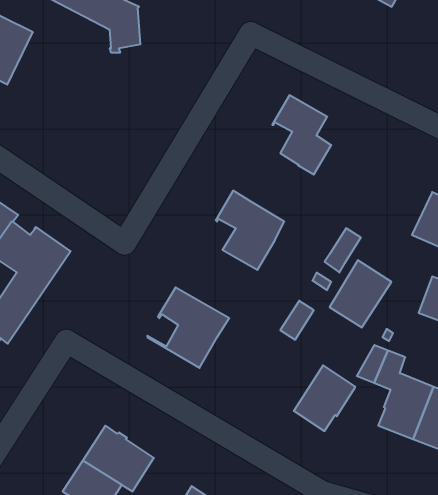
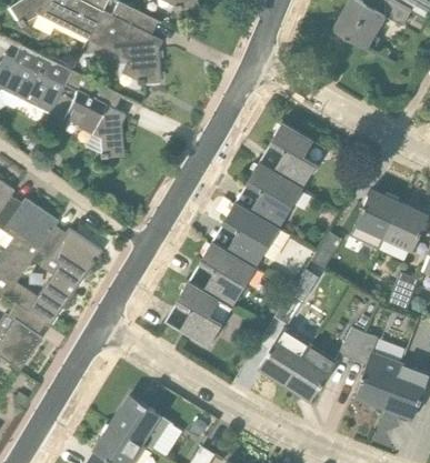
building: none -> [49,70,122,159]
building: none -> [244,161,302,227]
building: none -> [354,190,400,238]
building: none -> [197,241,256,306]
building: [330,260,391,327] -> [259,328,310,383]

